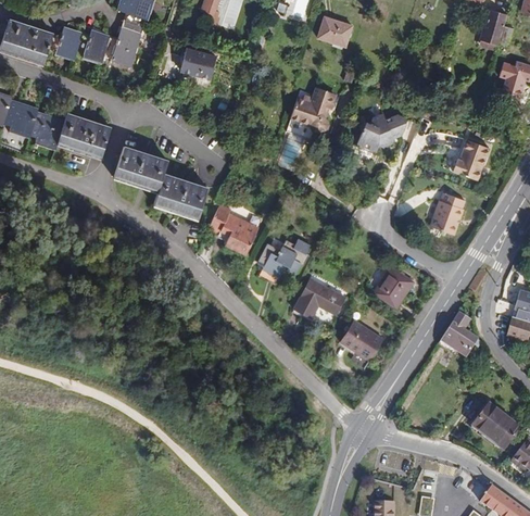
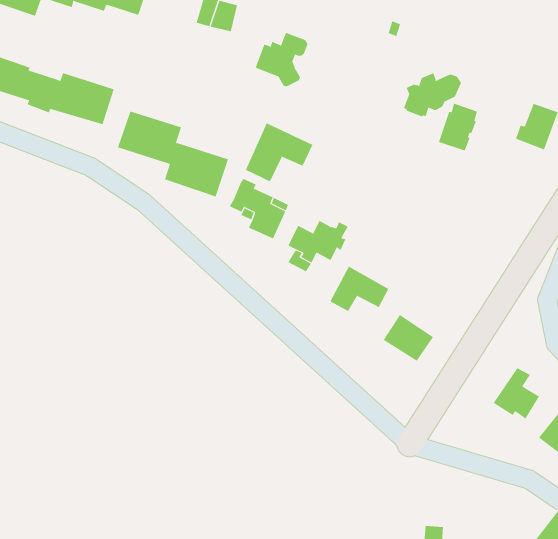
building: [290,87,336,134] -> [255,32,308,87]
building: none -> [245,122,313,182]
building: [431,192,465,234] -> [438,103,478,151]
building: [374,266,414,307] -> none
building: [438,312,478,356] -> [493,367,540,419]

